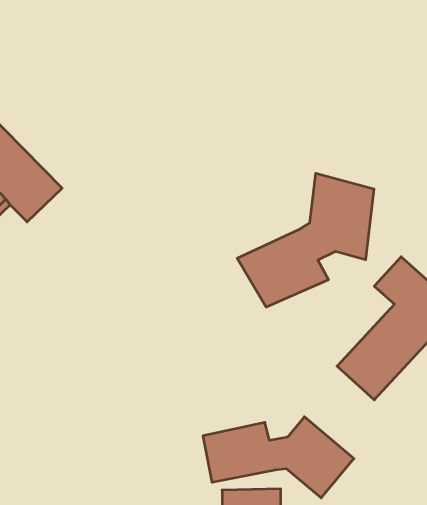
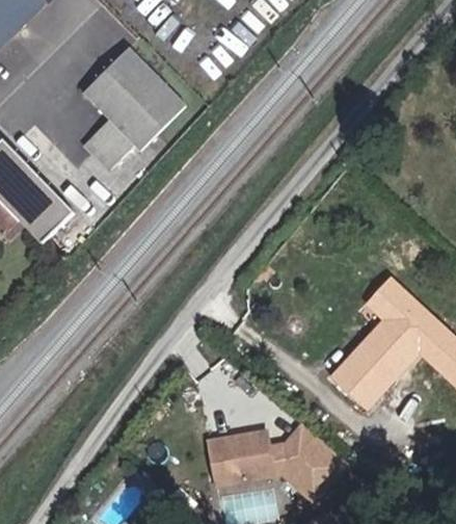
building: none -> [83,46,186,163]
building: [237,173,374,307] -> none

